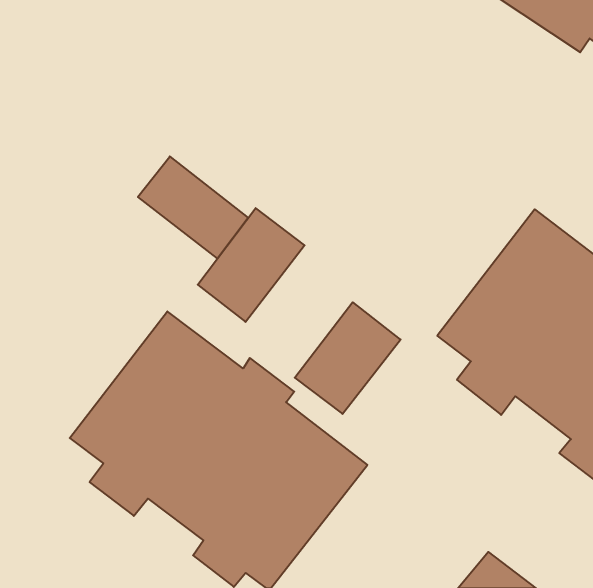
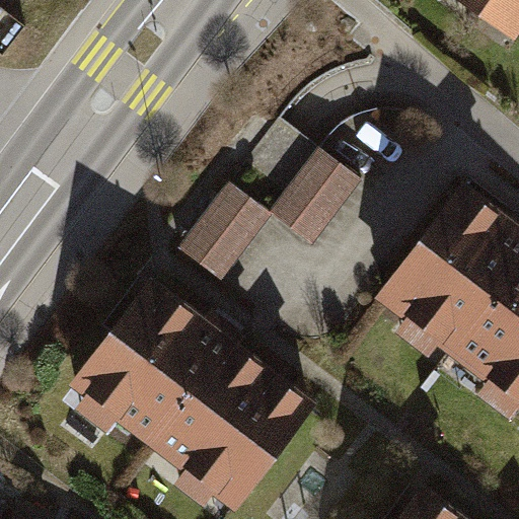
building: [138,156,248,258] -> none
building: [295,302,401,414] -> [267,148,359,245]

